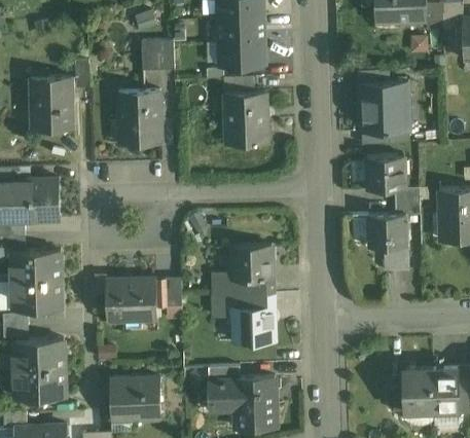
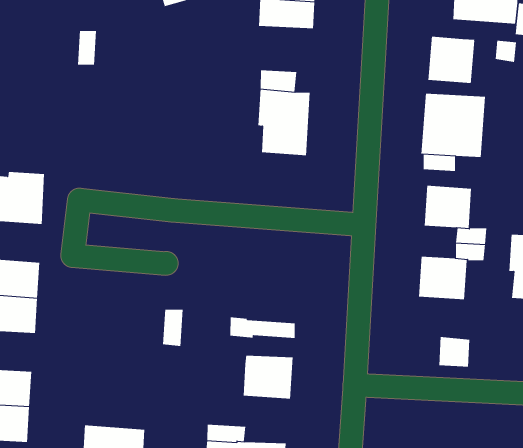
building: none -> [428,36,475,84]
building: [141,41,174,71] -> none
building: [218,41,264,67] -> none
building: [30,78,73,131] -> none
building: [117,92,160,144] -> none
building: [231,246,272,281] -> none
building: [383,249,408,272] -> [438,336,470,367]
building: [106,279,156,321] -> none
building: [213,294,273,317] -> none

